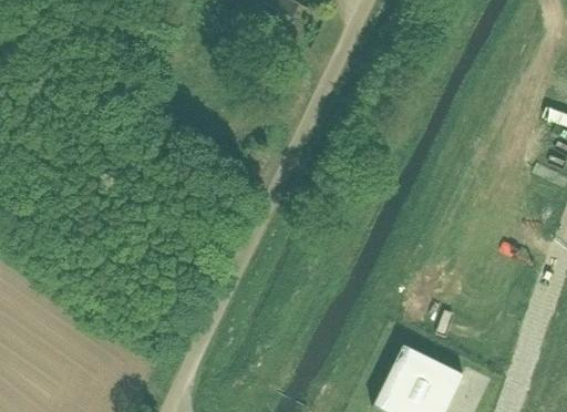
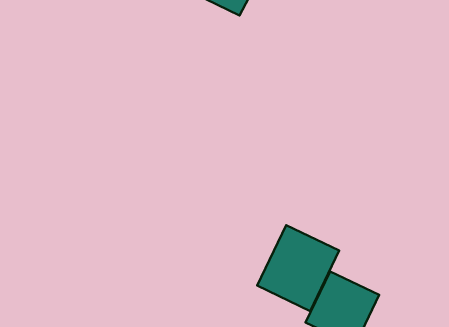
building: none -> [257,225,339,311]

